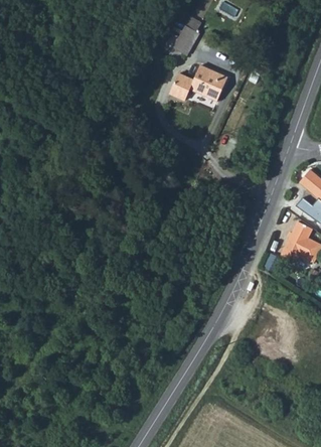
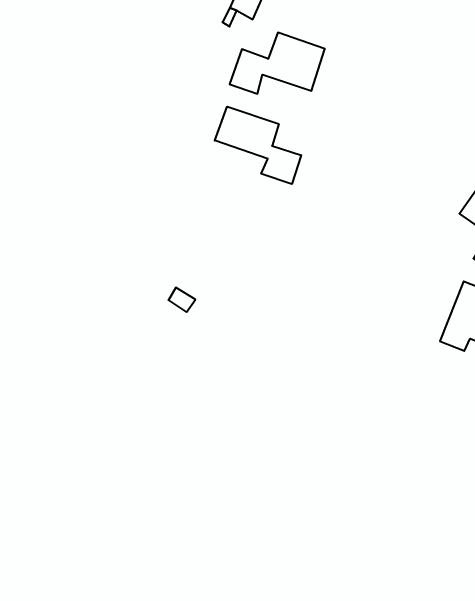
building: none -> [215,107,301,184]

